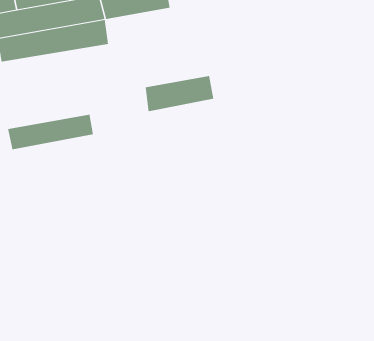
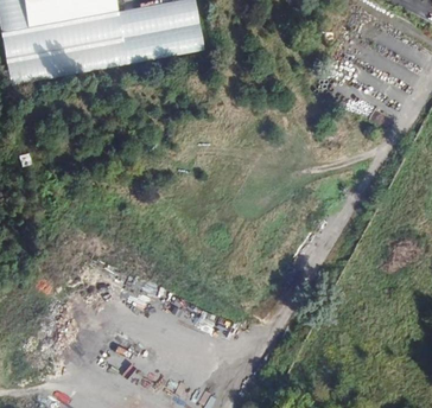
building: [145,75,214,112] -> [127,21,204,62]
building: [7,114,93,150] -> none

